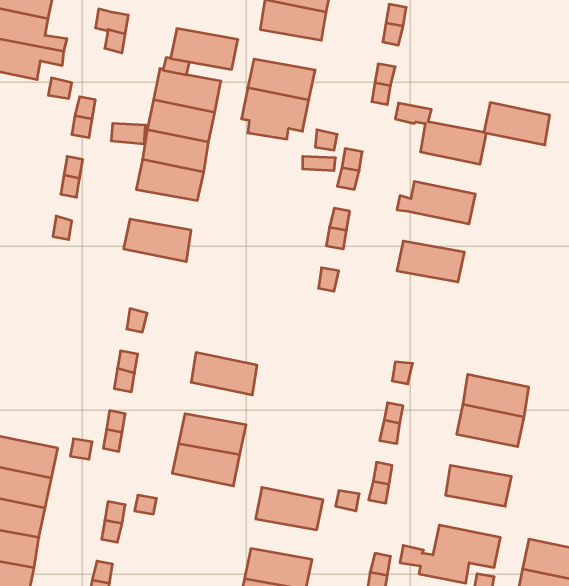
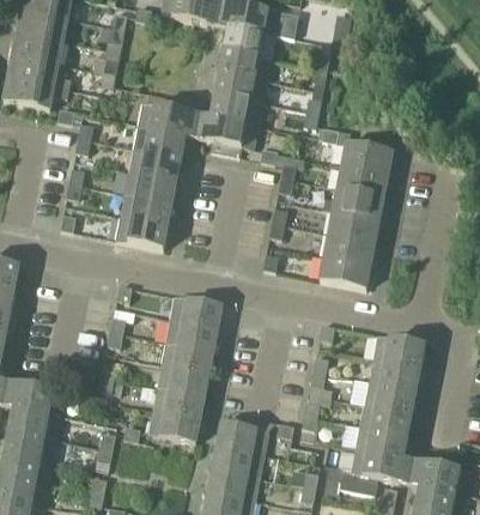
building: [170,29,238,69] -> [214,71,266,102]
building: [484,103,550,145] -> [336,164,387,196]
building: none -> [120,193,171,224]
building: none -> [328,210,378,241]
building: none -> [318,255,370,287]
building: none -> [170,295,221,327]
building: none -> [162,340,213,372]
building: none -> [364,380,415,412]
building: none -> [148,410,199,442]
building: none -> [356,426,406,459]
building: none -> [212,444,262,475]

